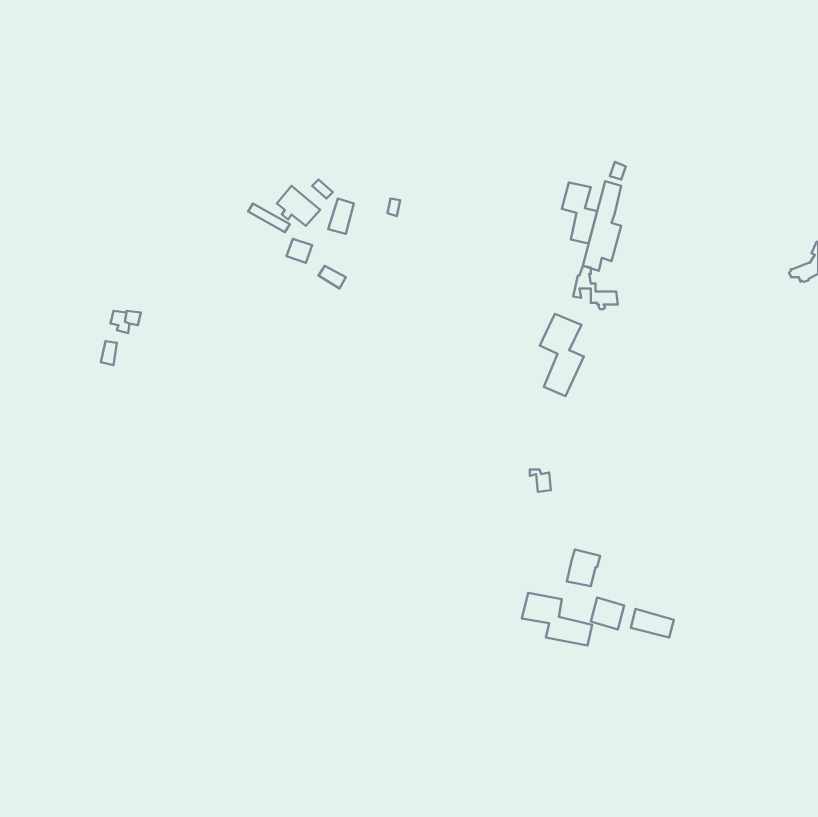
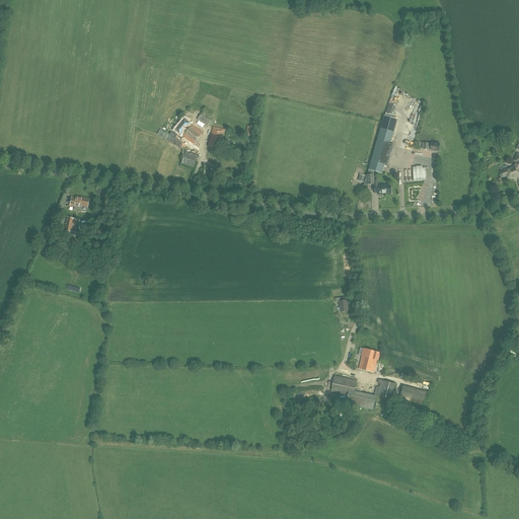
building: [562,182,597,244] -> none
building: [540,314,584,396] -> none

